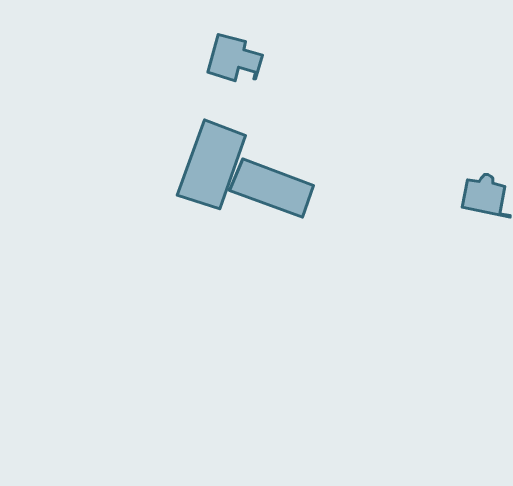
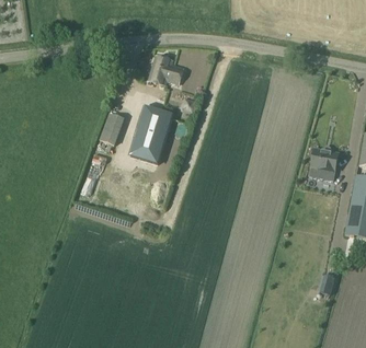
building: none -> [100,112,124,143]
building: [229,159,314,217] -> none

